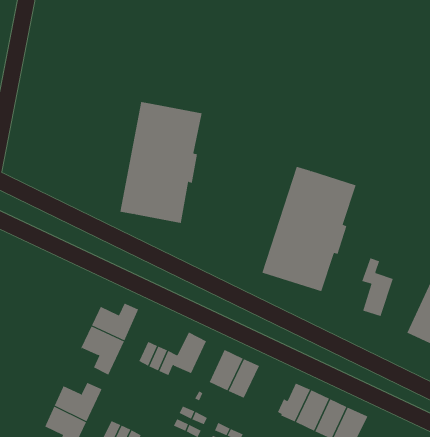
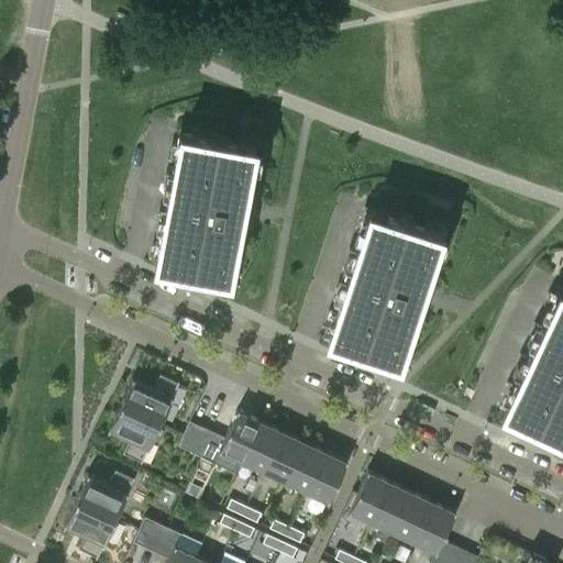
building: [362,258,393,317] -> none
building: none -> [245,427,285,476]
building: none -> [309,456,351,508]

